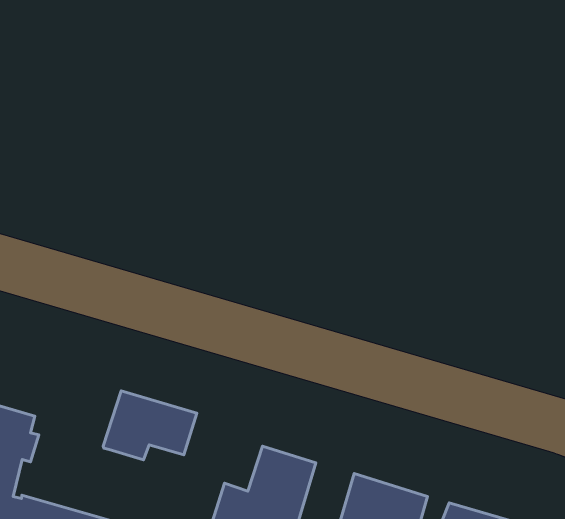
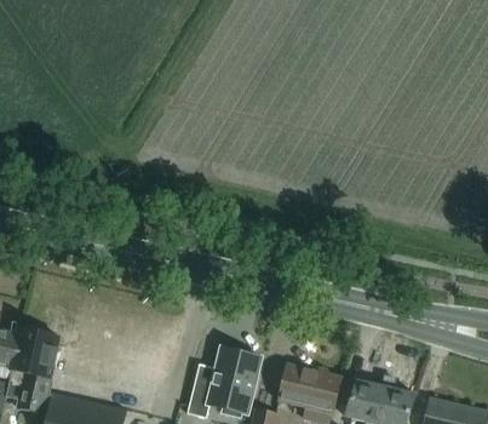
building: [103,391,197,460] -> none

